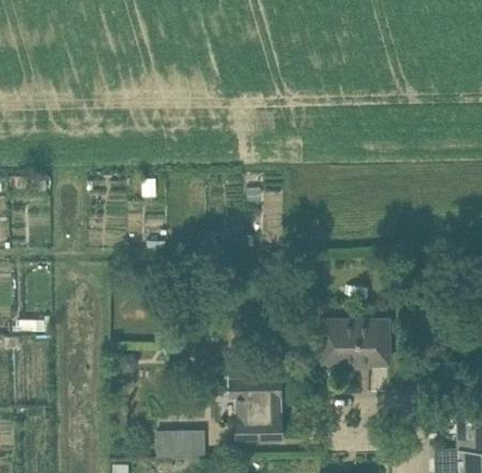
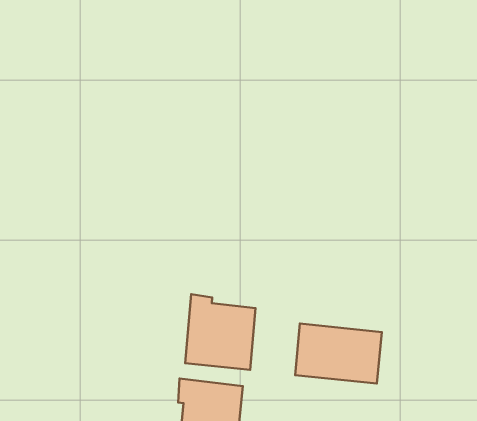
building: none -> [185,294,255,370]

